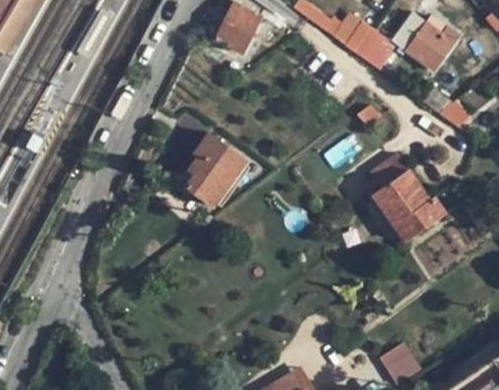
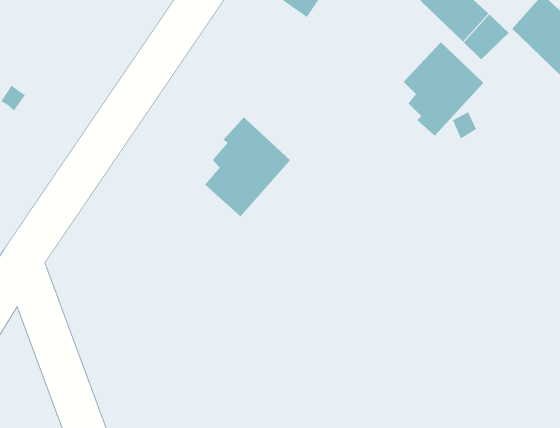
building: none -> [403,41,484,137]
building: [370,154,445,240] -> none

